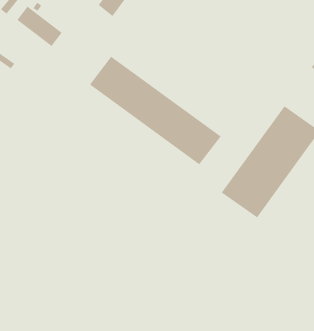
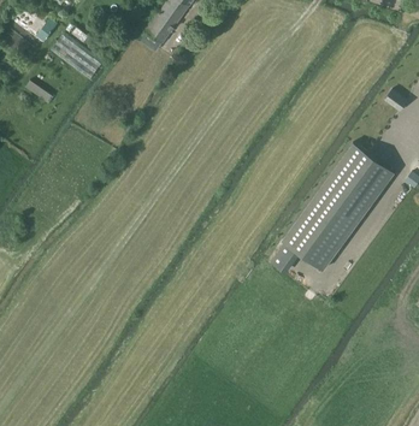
building: [89,56,221,165] -> none

